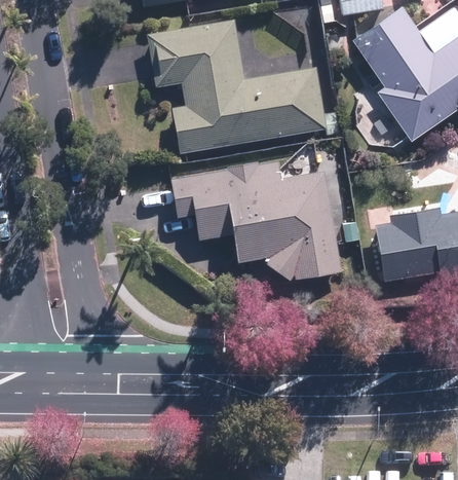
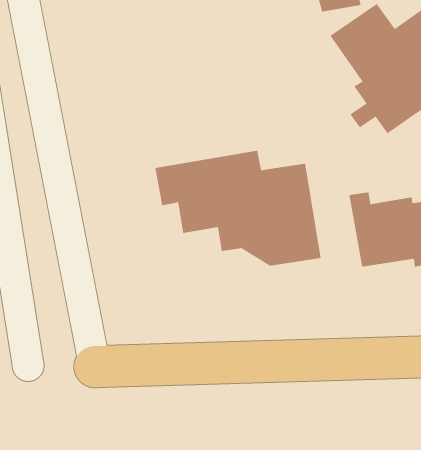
building: [147,21,342,154] -> none

